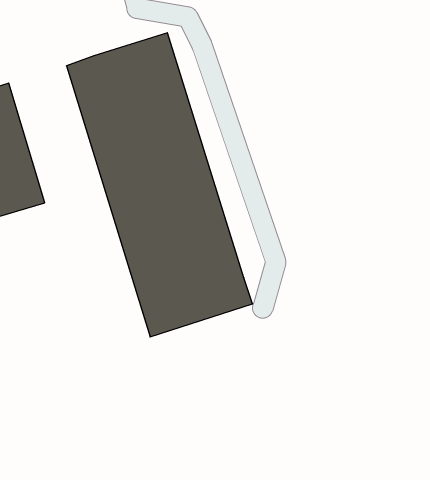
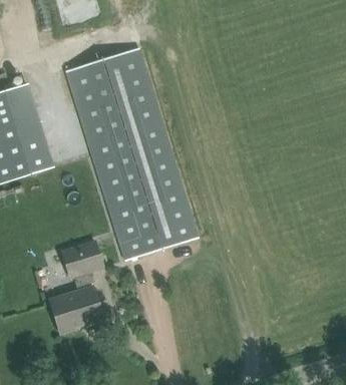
building: none -> [50,241,103,333]

